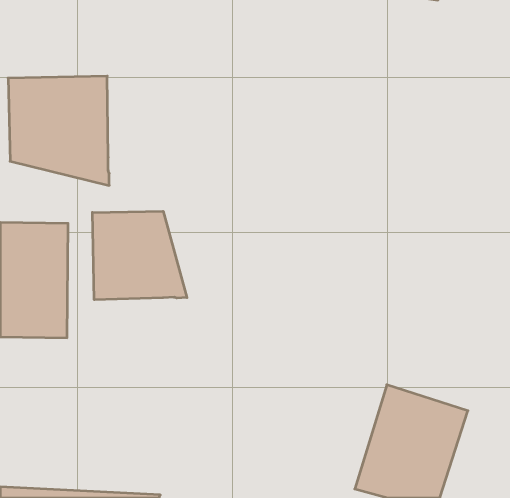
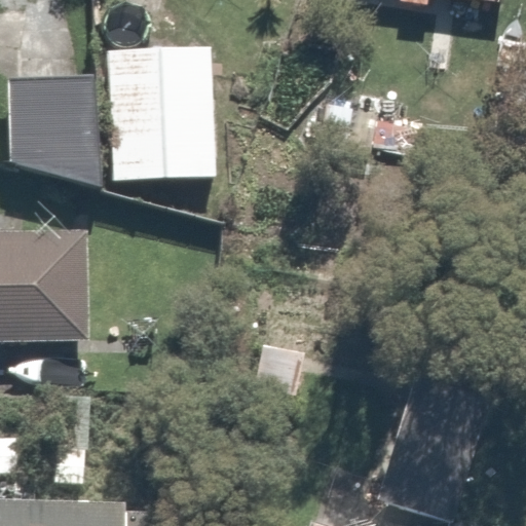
building: none -> [111,46,215,178]
building: [92,211,187,300] -> none

